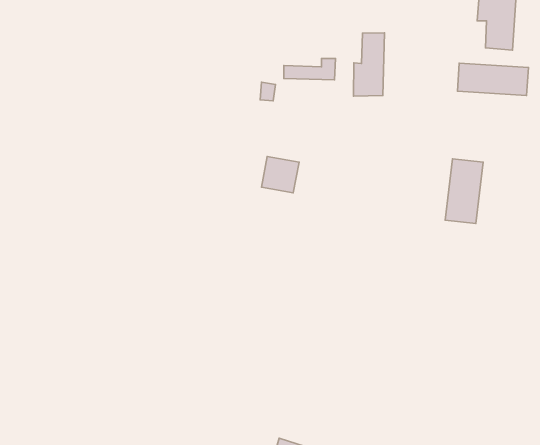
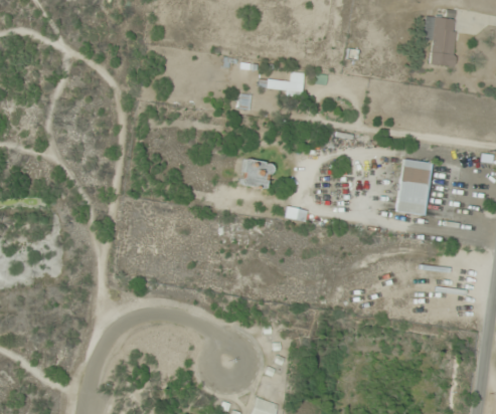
building: [353,33,384,96] -> none
building: [458,63,528,95] -> none

